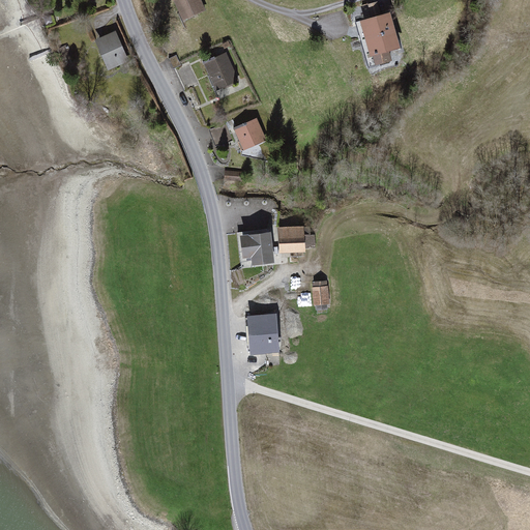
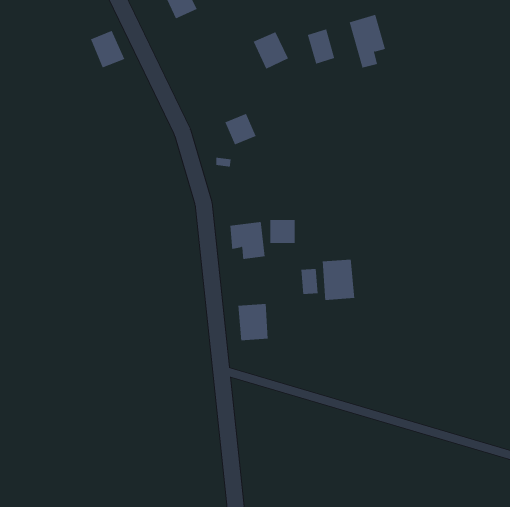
building: none -> [307,28,335,65]
building: [202,53,239,92] -> [253,32,289,70]
building: none -> [322,259,355,301]

